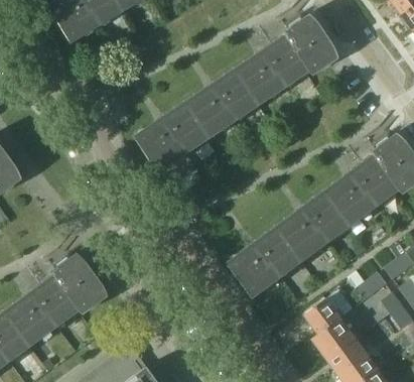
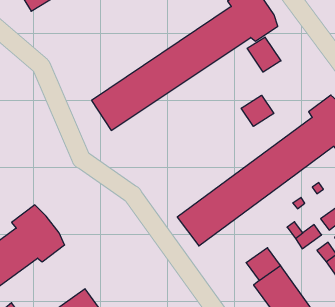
building: none -> [247,37,281,72]
building: none -> [241,95,274,126]

